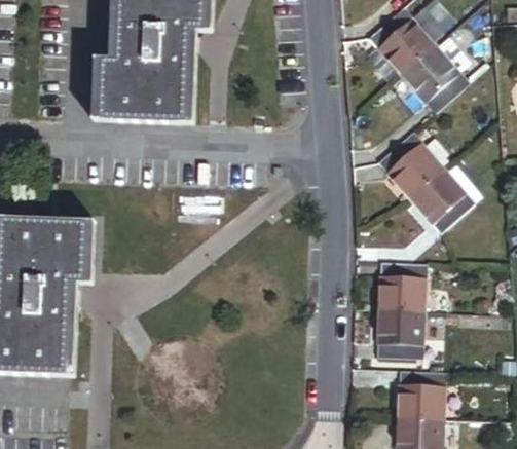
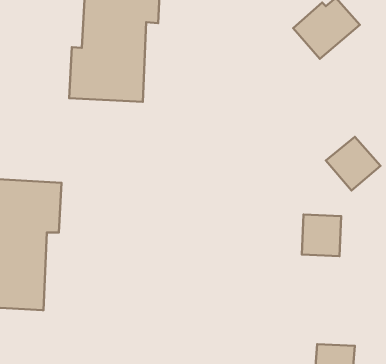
building: [401,37,469,112] -> none
building: [377,130,446,196] -> none
building: [377,309,424,359] -> none
building: [398,370,445,419] -> none

